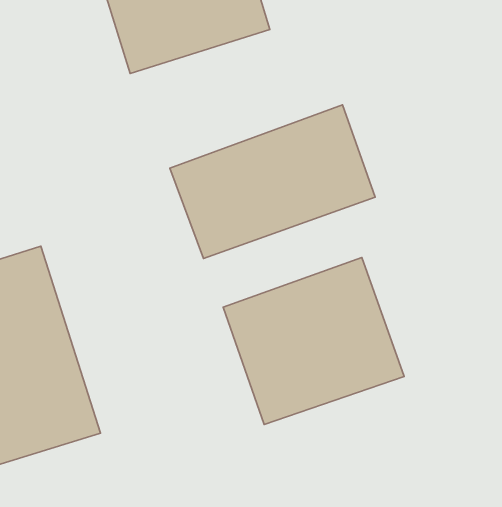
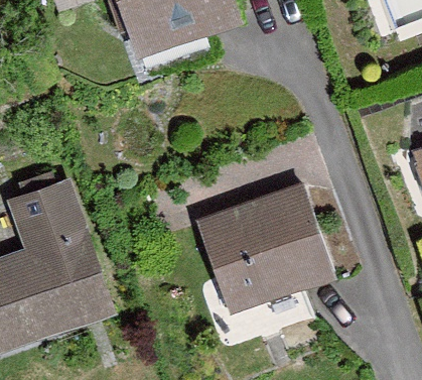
building: [170,105,375,259] -> none

